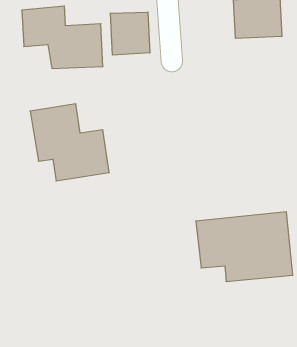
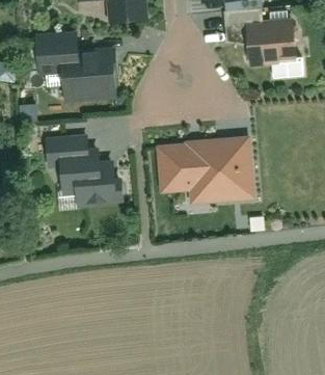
building: [110,12,150,55] -> none
building: [196,212,293,281] -> [156,135,252,205]

